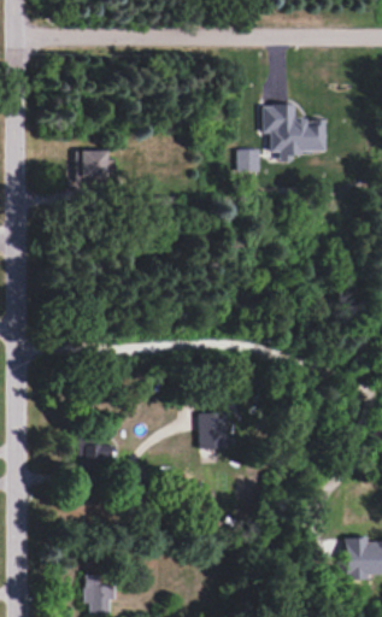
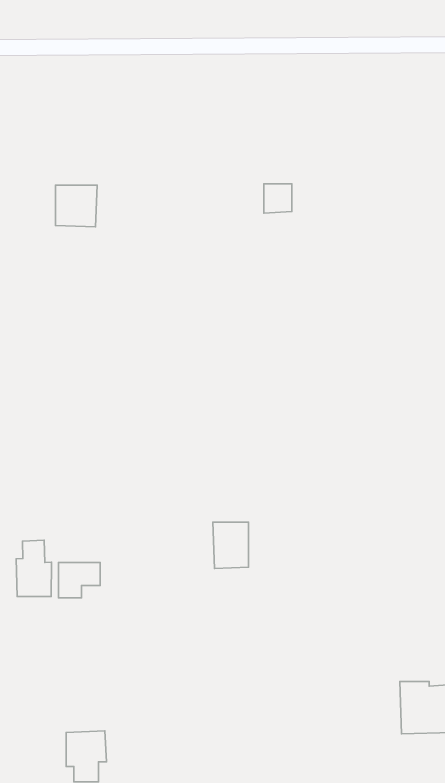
building: [261,104,325,160] -> none
building: none -> [16,540,51,596]

